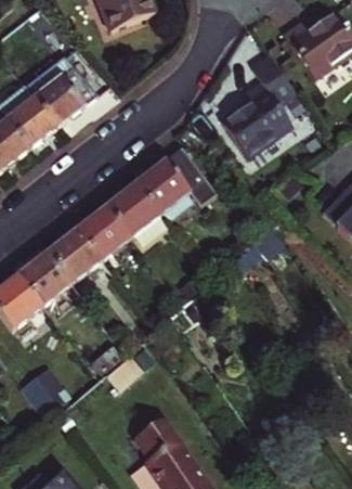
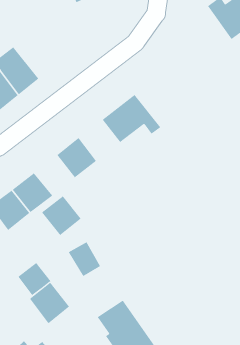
building: [23,52,97,127] -> none
building: [219,55,295,154] -> none
building: [108,181,162,235] -> none
building: [50,228,103,281] -> [41,195,81,236]
building: none -> [29,282,70,324]

